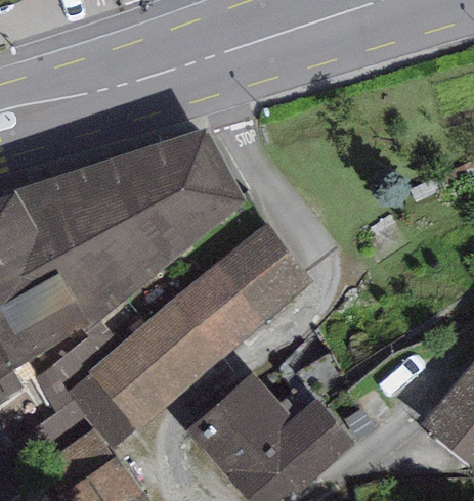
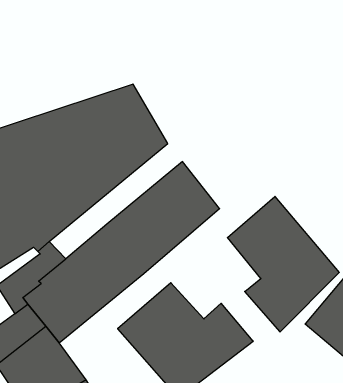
building: none -> [227,196,339,332]

